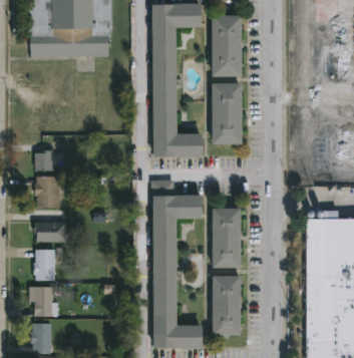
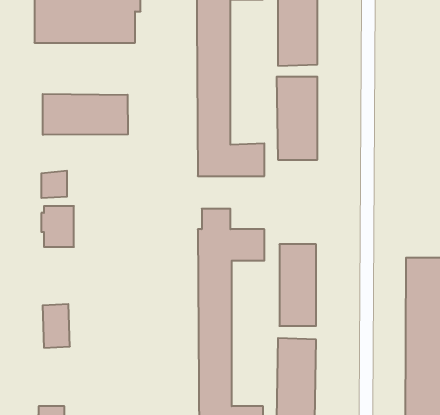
building: none -> [43,94,128,135]
building: [37,223,69,242] -> none
building: [34,287,60,317] -> none

